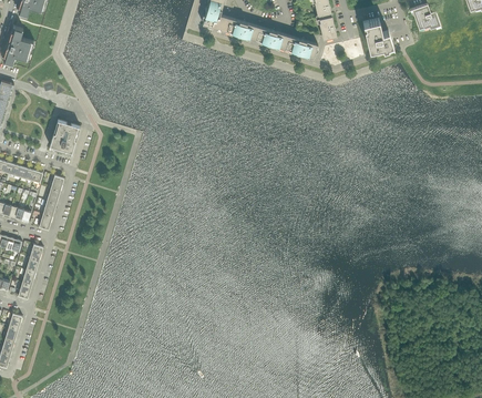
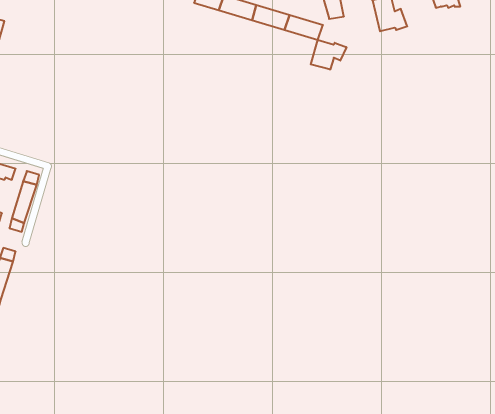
building: none -> [311,40,346,70]
building: [49,120,80,155] -> none

